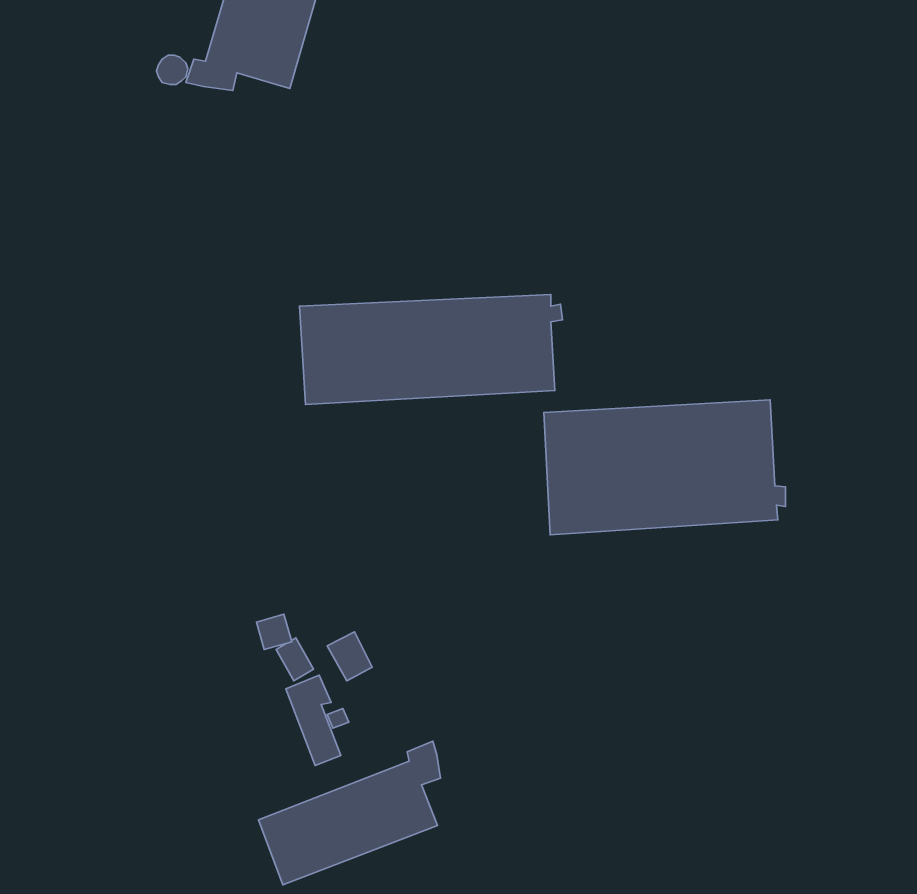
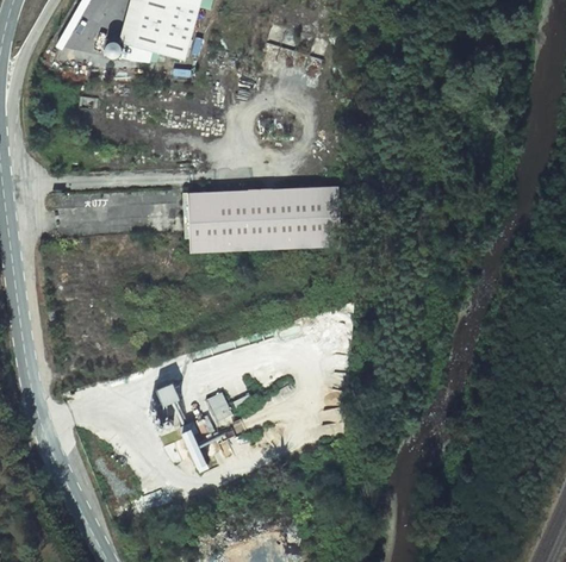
building: [544,400,786,535] -> none
building: [259,741,441,885] -> none

